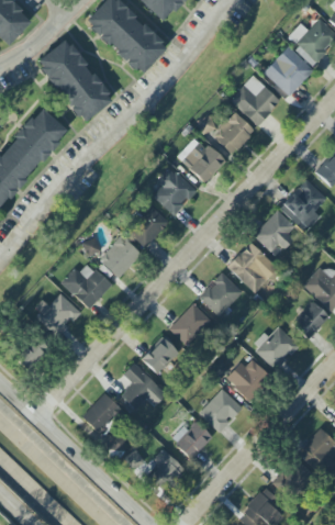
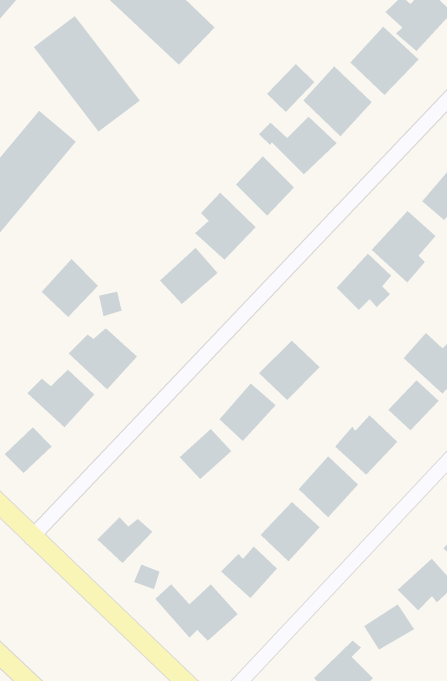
building: none -> [266,63,315,113]
building: [99,235,141,278] -> [41,258,99,318]
building: [227,242,277,291] -> none
building: [121,362,167,410] -> none

